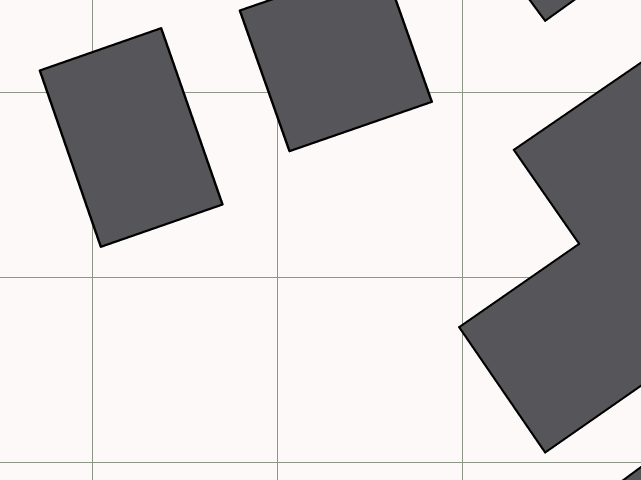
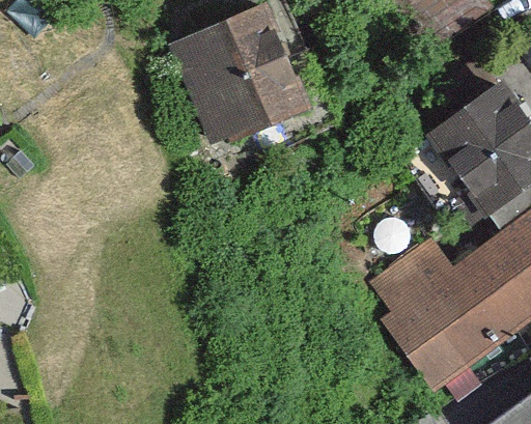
building: [40,28,222,247] -> none

